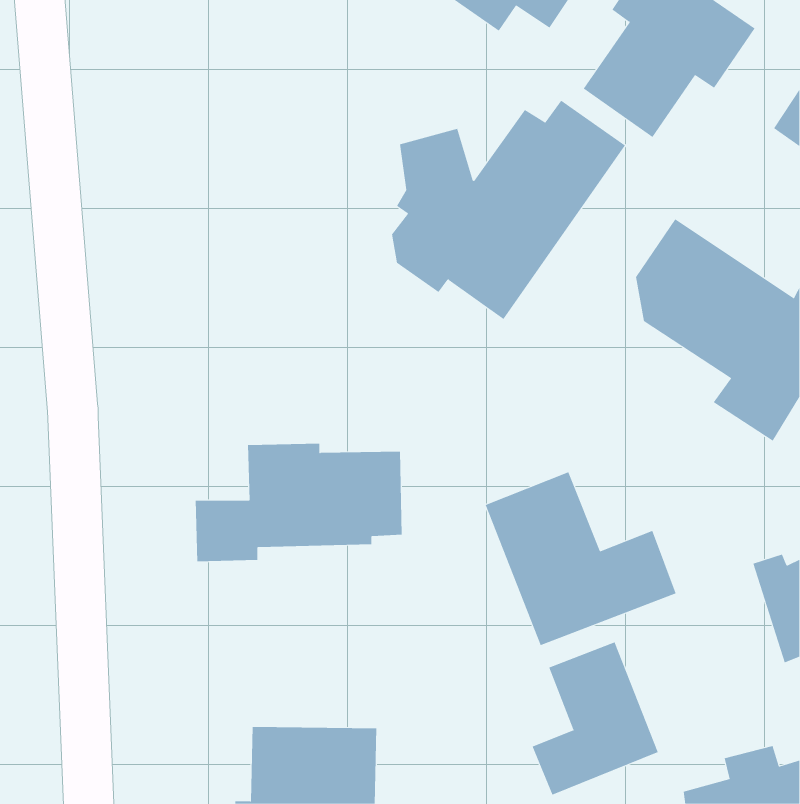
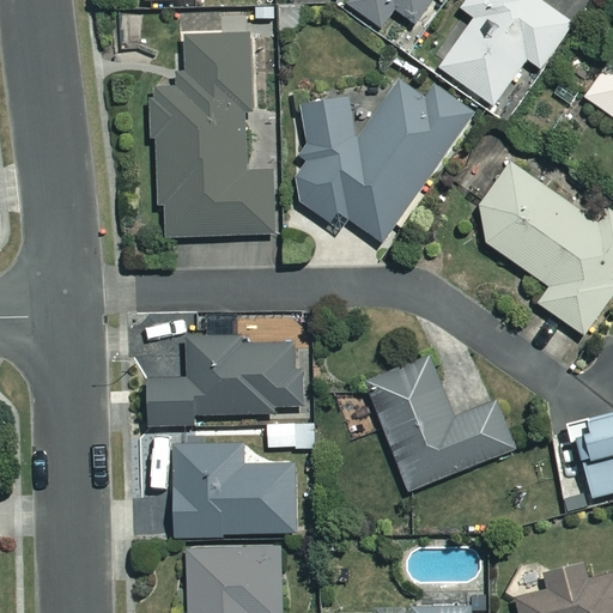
building: none -> [151,35,273,237]
building: none -> [174,443,297,536]
building: [532,641,659,795] -> none

